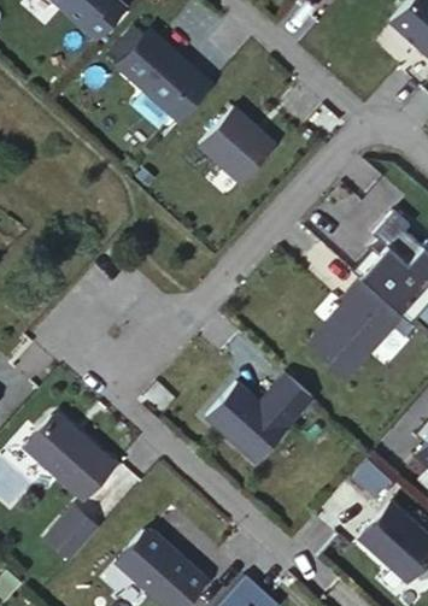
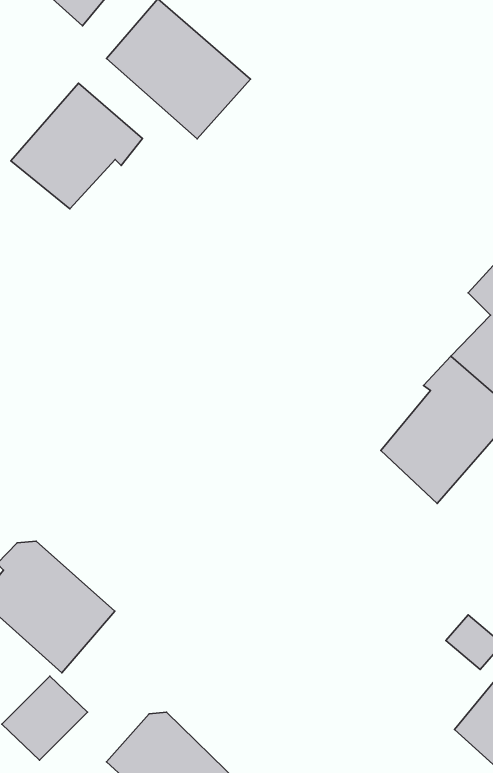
building: none -> [11,83,142,209]
building: [195,105,277,187] -> none
building: [204,372,316,467] -> none

